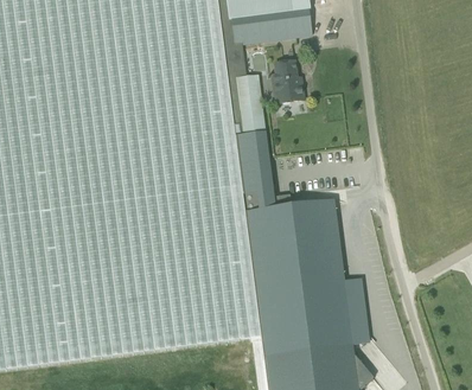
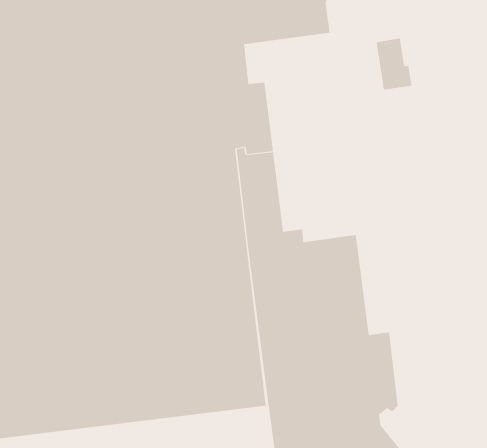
building: [274,59,304,102] -> [376,38,412,90]

